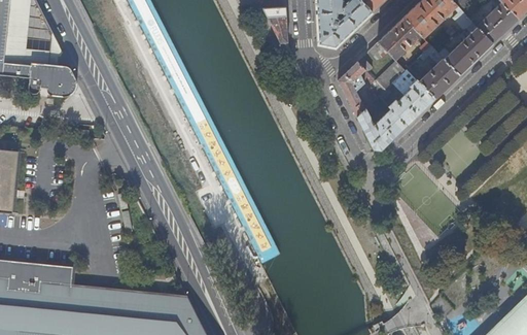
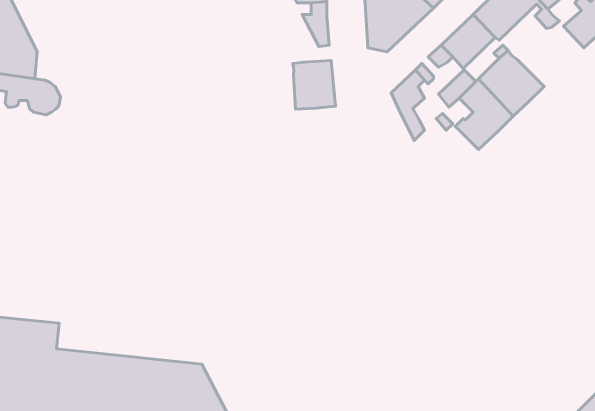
building: [438,22,492,74] -> none
building: none -> [293,61,336,109]
building: [356,108,408,149] -> none

